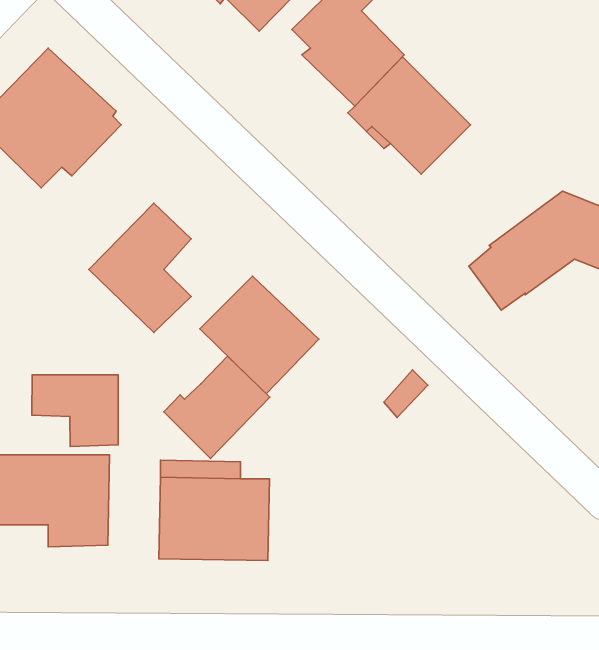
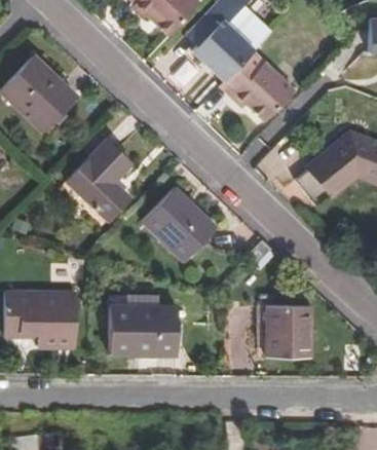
building: [164,356,270,458] -> none
building: [32,375,118,446] -> none
building: none -> [264,306,309,353]

